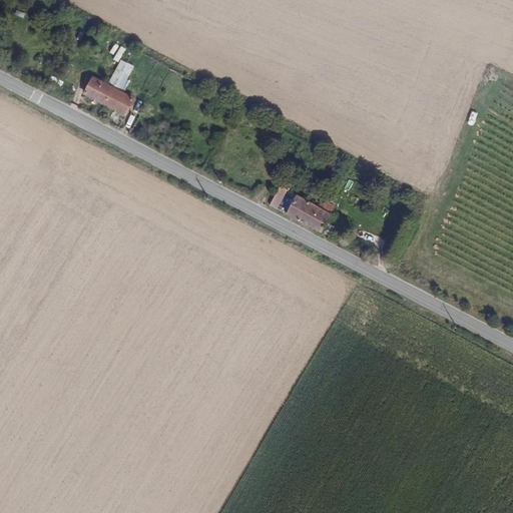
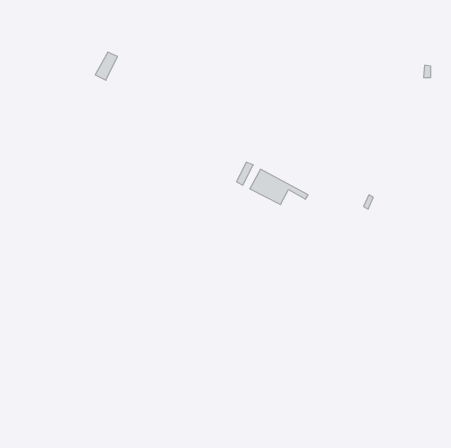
building: [83,77,133,114] -> none

